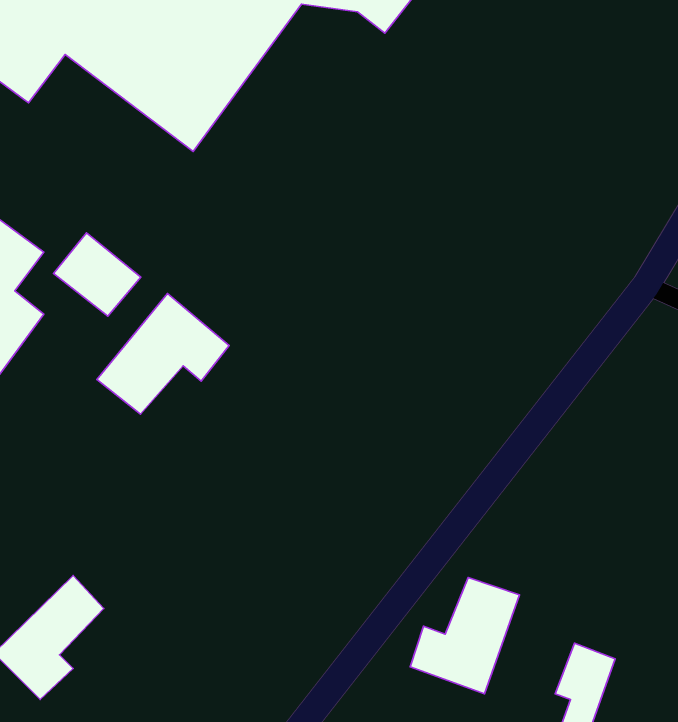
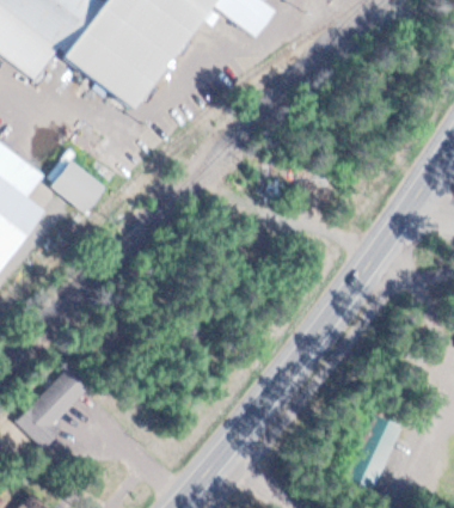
building: [97,294,229,414] -> none
building: [410,577,520,694] -> none

